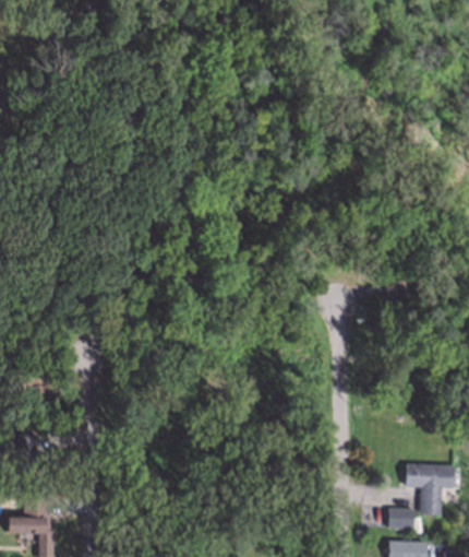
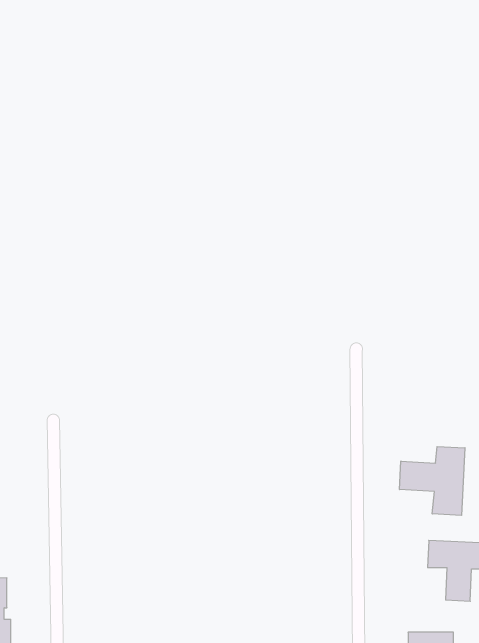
building: none -> [400,447,465,515]
building: [388,508,414,530] -> none

